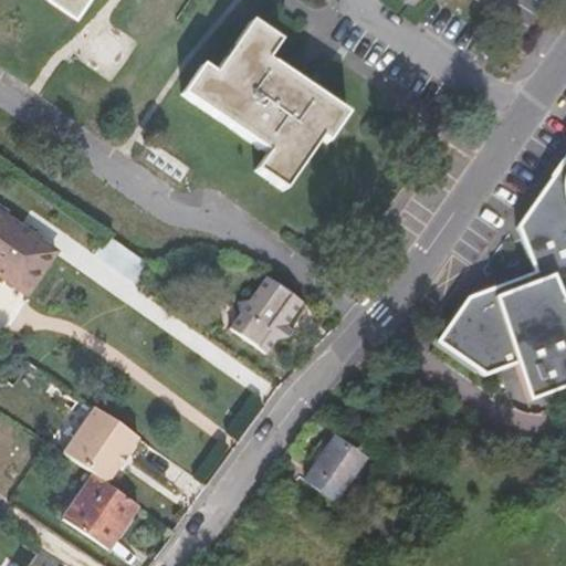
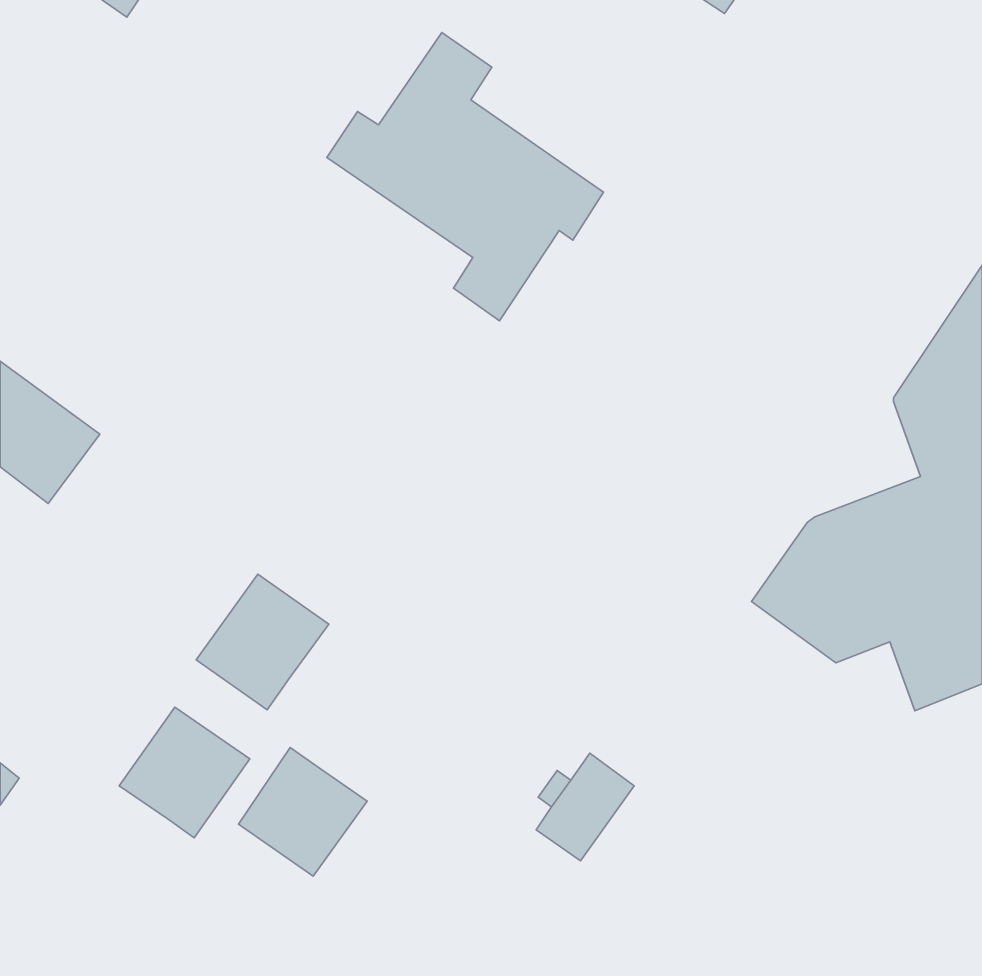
building: [237,275,310,354] -> none
building: none -> [196,574,329,710]
building: [66,471,140,545] -> [238,747,367,876]

